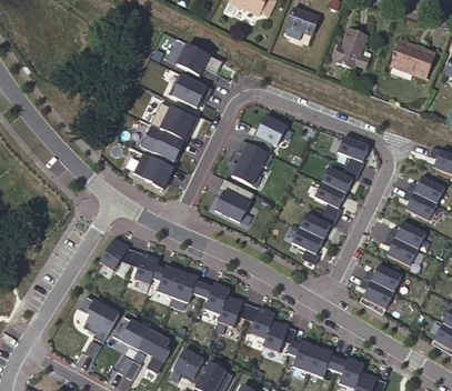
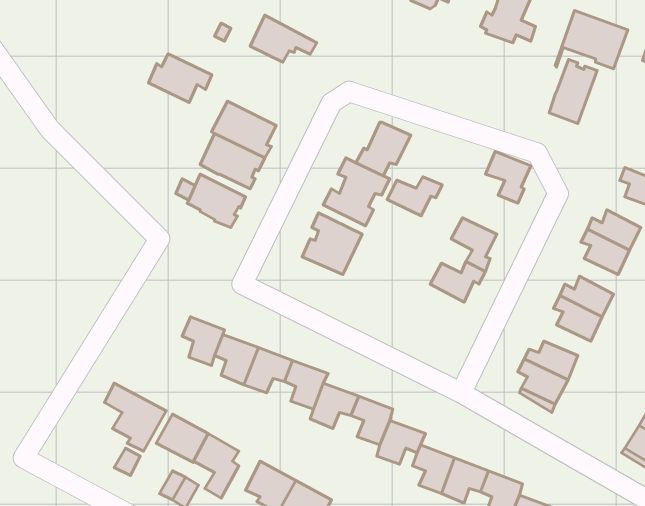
building: none -> [549,60,597,123]
building: [169,74,212,108] -> [149,54,212,102]
building: [322,167,360,193] -> [387,177,442,216]
building: [292,228,323,264] -> none
building: [99,238,135,270] -> none

